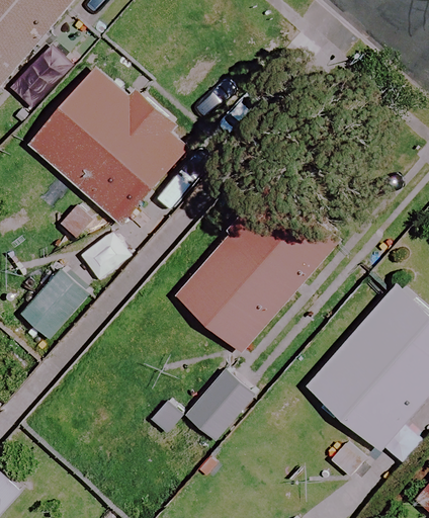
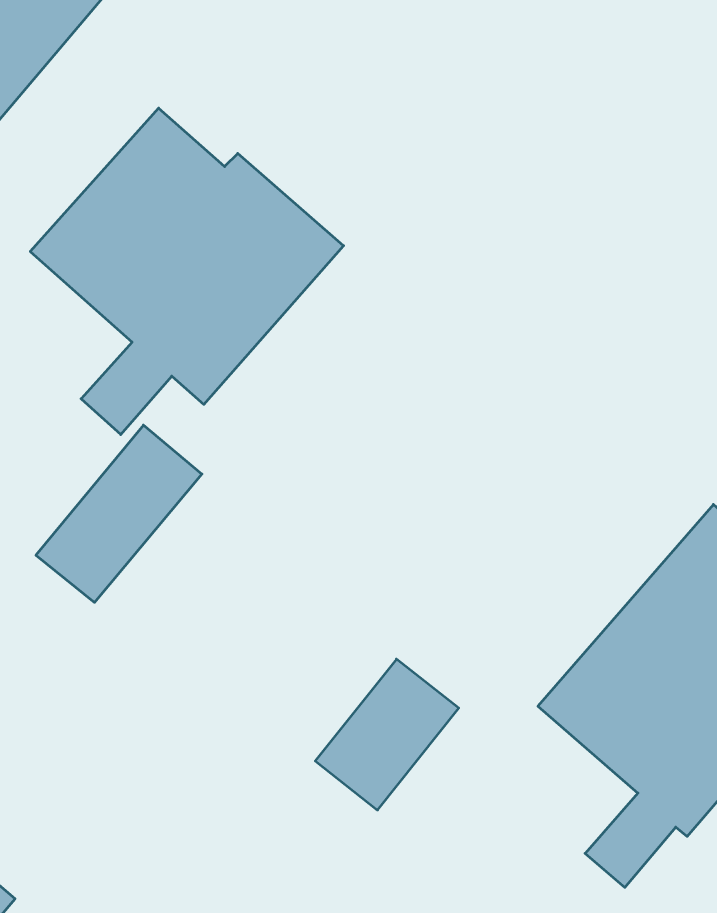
building: [175,183,341,353] -> none

